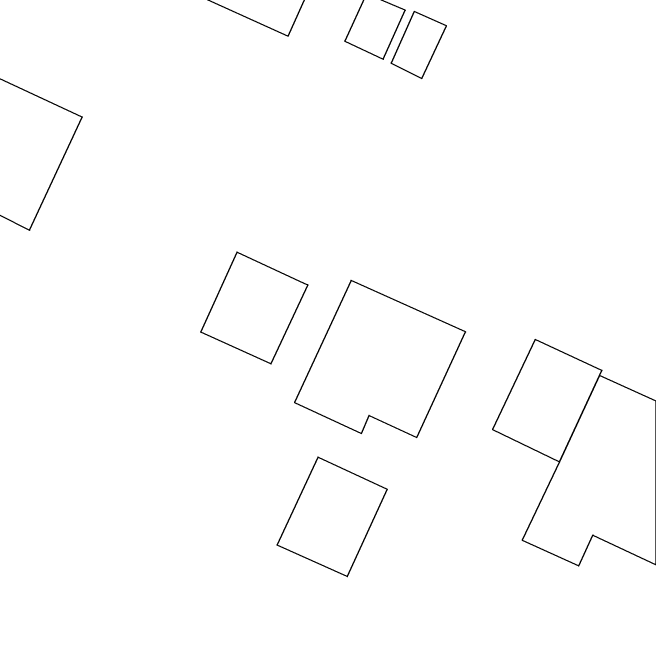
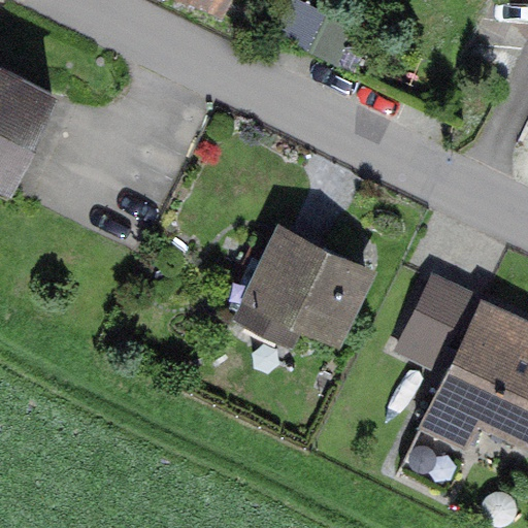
building: [201,252,308,364] -> none
building: [277,457,387,577] -> none

